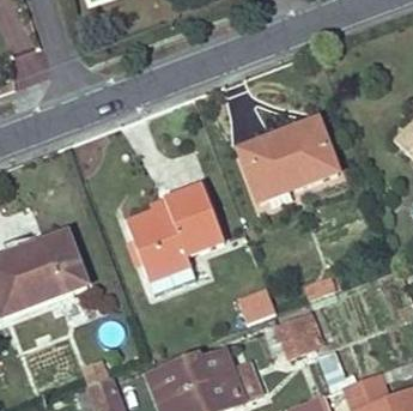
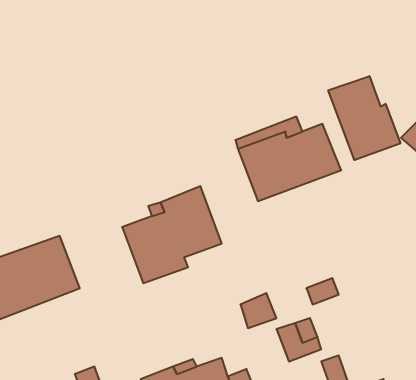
building: none -> [328,76,400,160]

